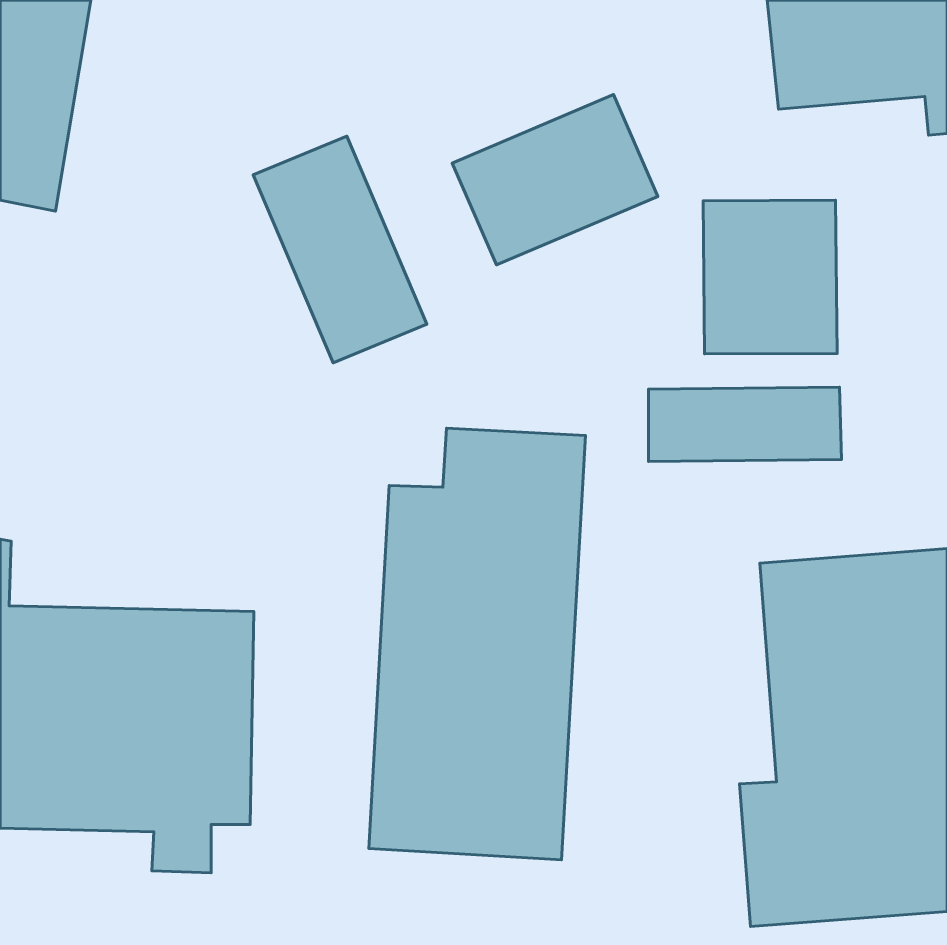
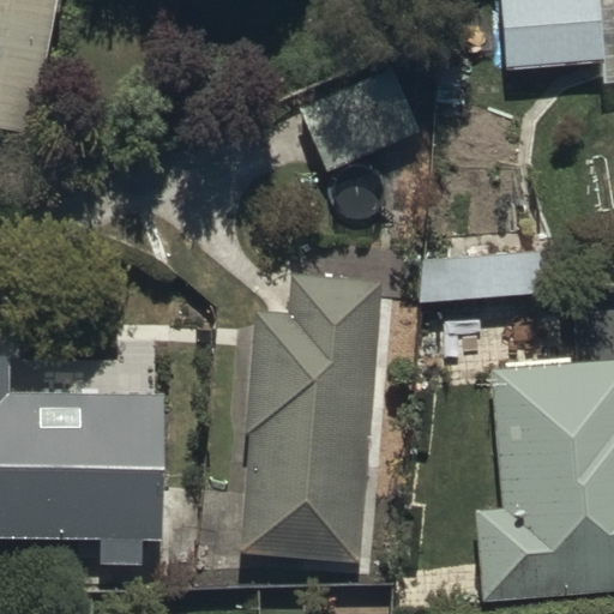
building: [253,136,427,363] -> none
building: [703,200,837,354] -> none

